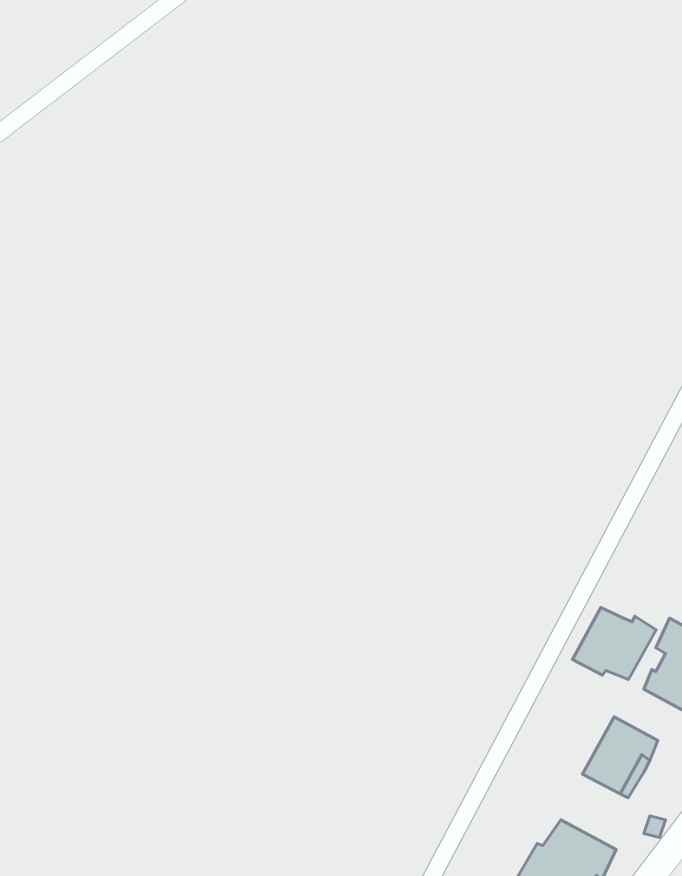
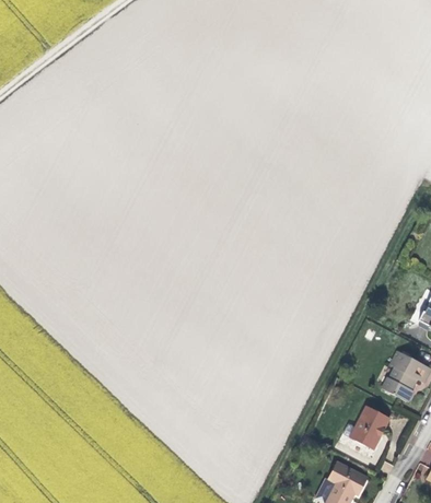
building: [572,608,656,680] -> none

